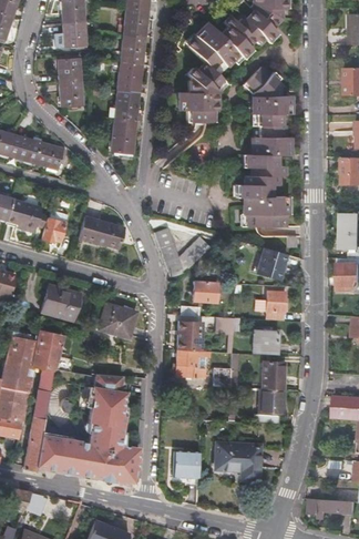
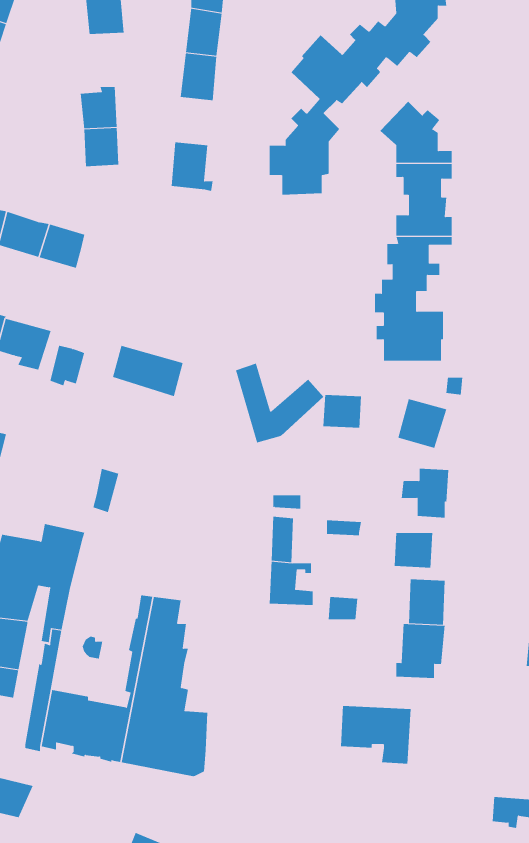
building: [63,23,86,50] -> none
building: [116,63,141,93] -> none
building: [110,119,135,159] -> none
building: [187,282,212,303] -> [323,394,362,428]
building: [43,286,71,318] -> none
building: [96,305,133,338] -> none
building: [173,454,198,478] -> none

